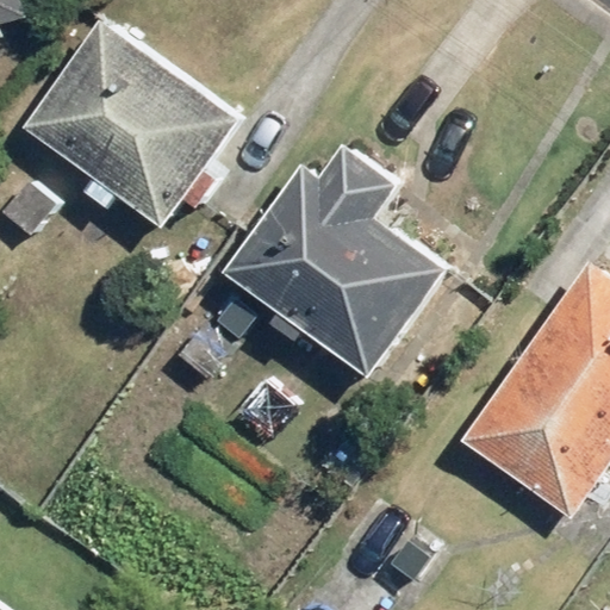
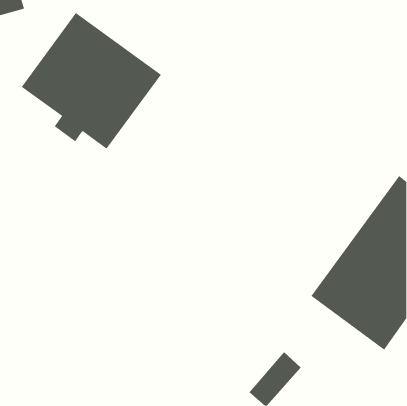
building: [224,145,452,381] -> none

